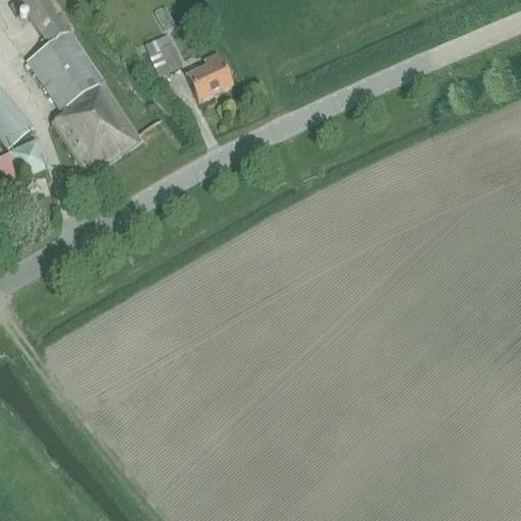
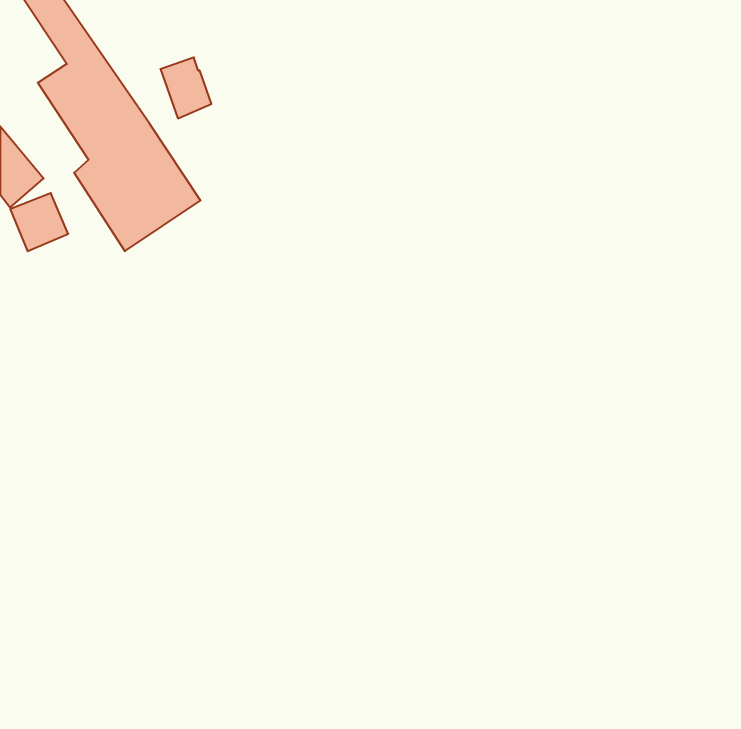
building: [146,30,181,72] -> [160,57,211,118]
building: [187,51,230,100] -> none

